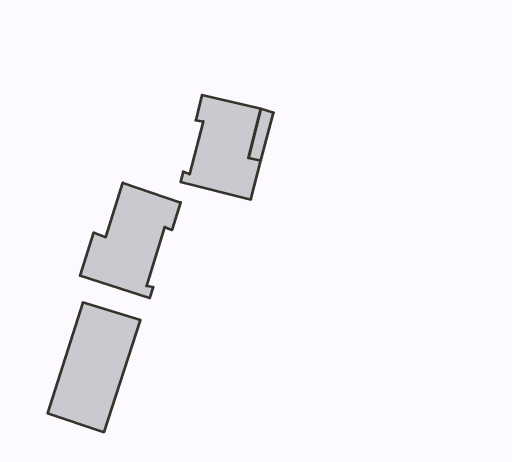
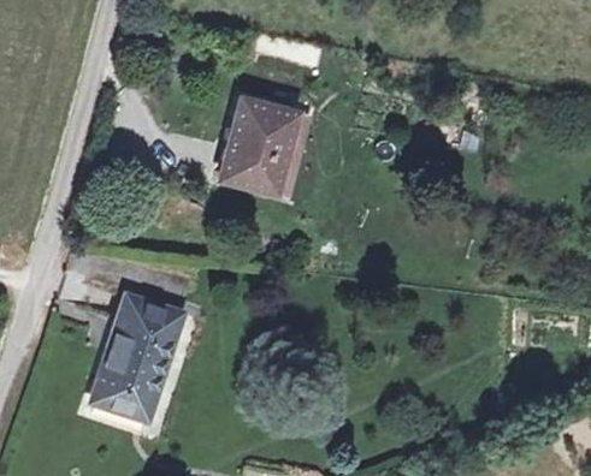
building: [80,183,181,298] -> none

